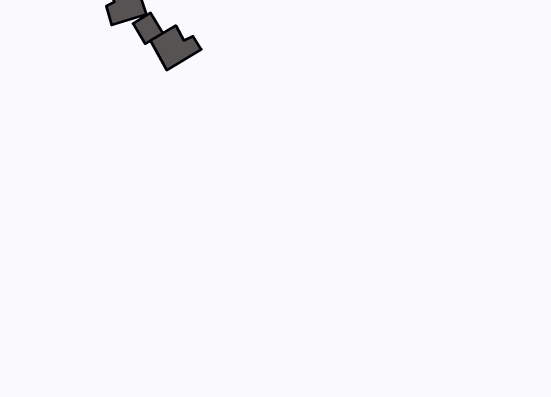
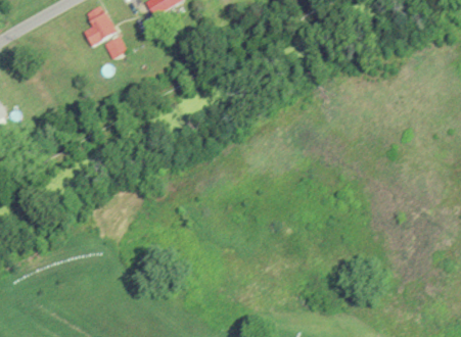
building: [150,26,201,70] -> none

